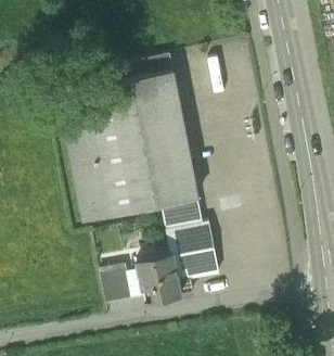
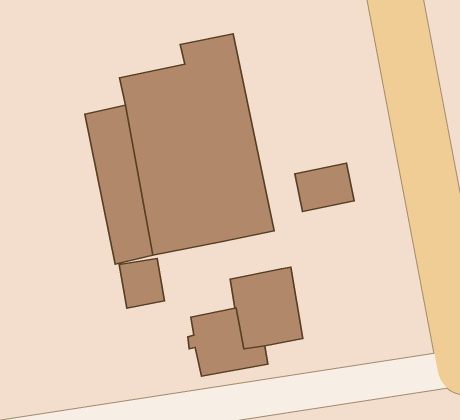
building: [162,199,204,233] -> [295,163,354,212]
building: [101,268,133,304] -> [119,258,165,308]

